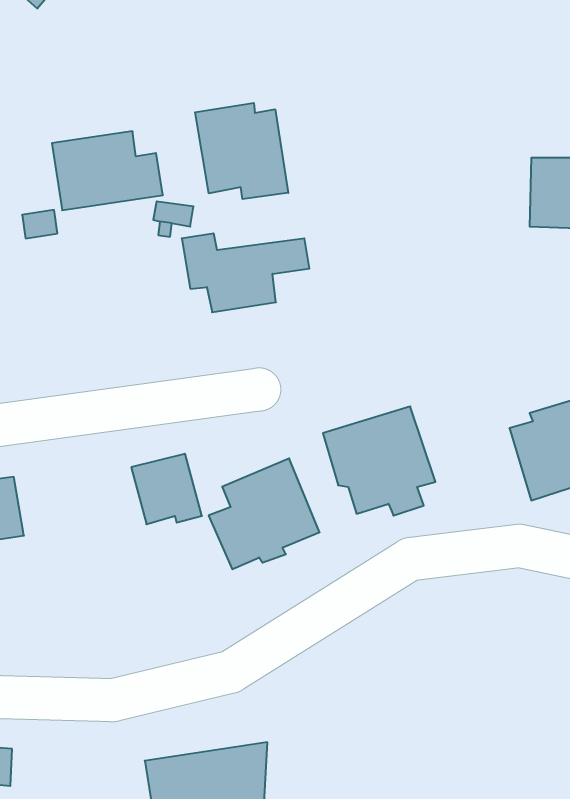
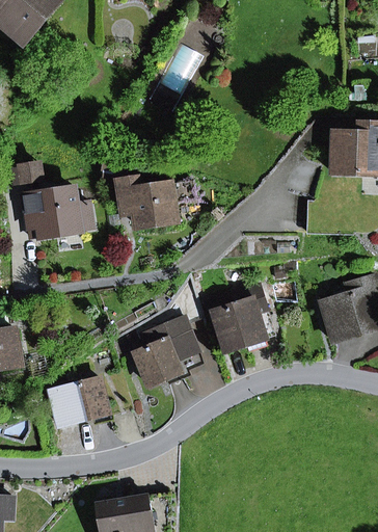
building: [195,103,288,199] -> none
building: [52,131,163,210] -> [23,189,91,238]
building: [131,454,202,524] -> [64,379,108,423]

